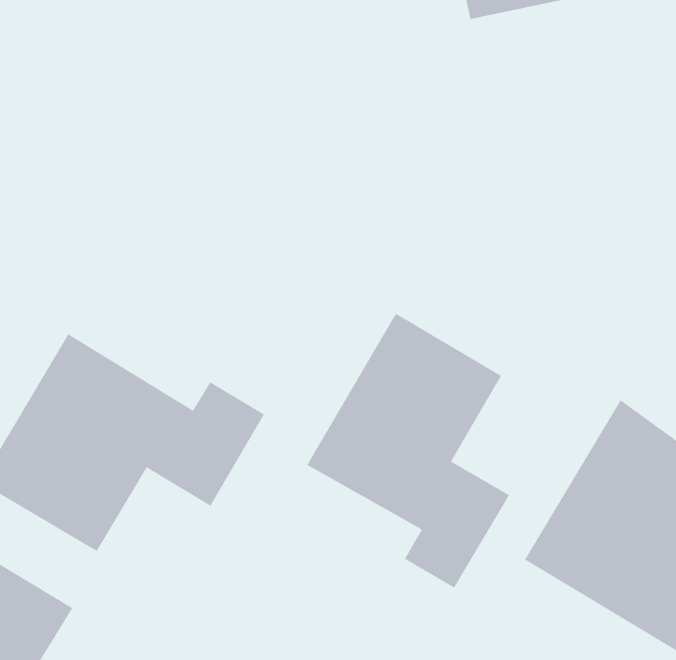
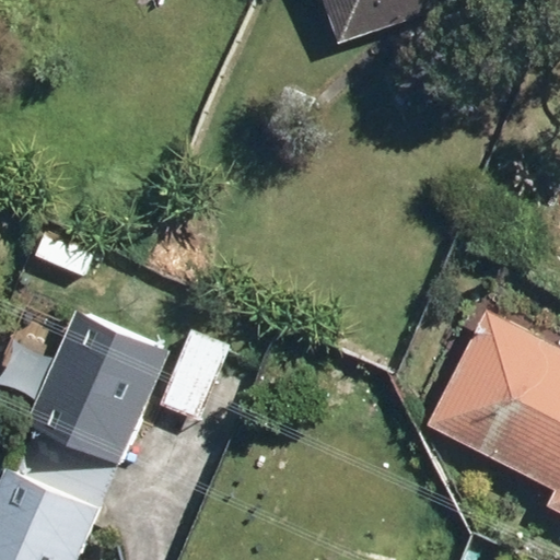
building: [307,313,510,589] -> none

